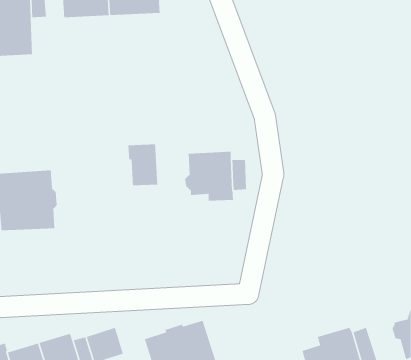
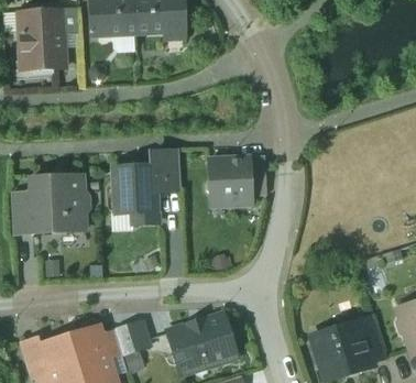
building: none -> [111,166,156,223]

